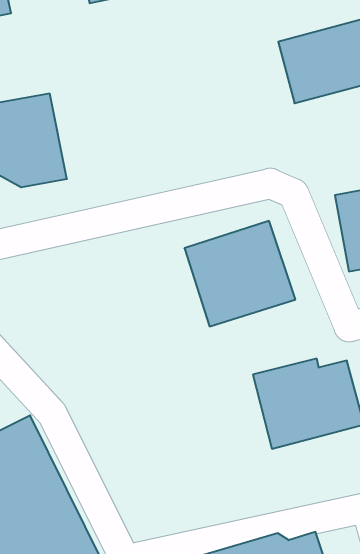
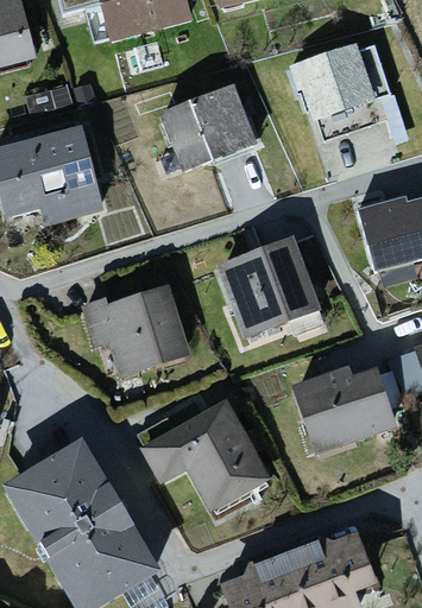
building: none -> [158,86,257,175]
building: none -> [77,284,189,378]
building: none -> [139,397,272,513]

